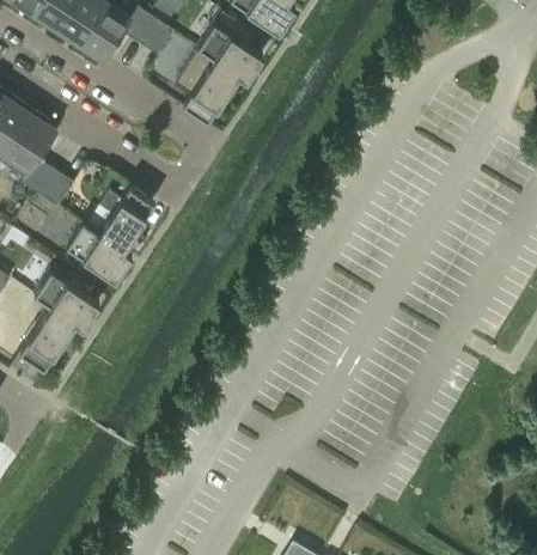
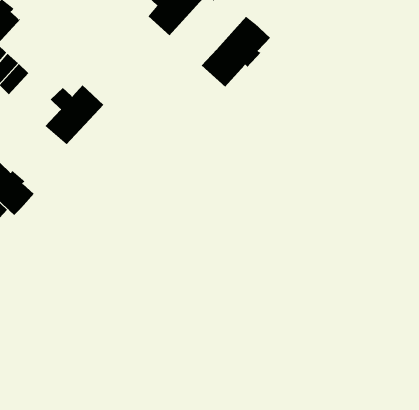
building: none -> [201,16,271,88]
building: [67,224,133,285] -> none

